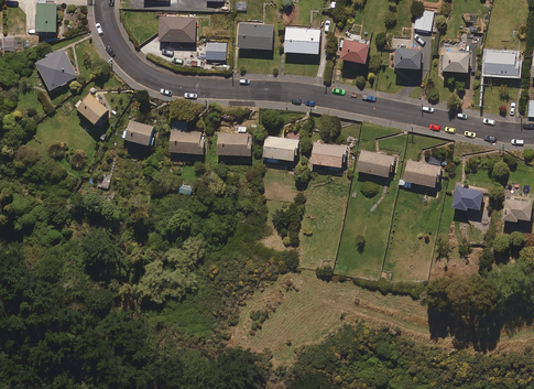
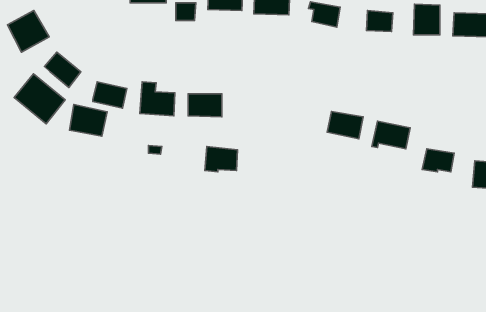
building: none -> [14,74,65,124]
building: [262,136,295,161] -> [205,147,238,172]
building: [303,141,345,171] -> none
building: none -> [70,104,107,136]

